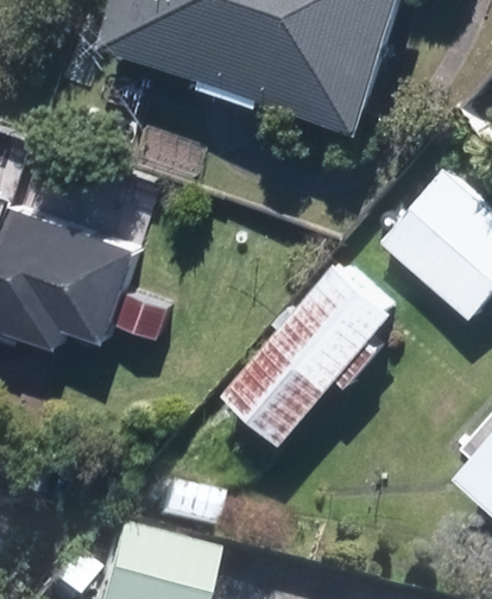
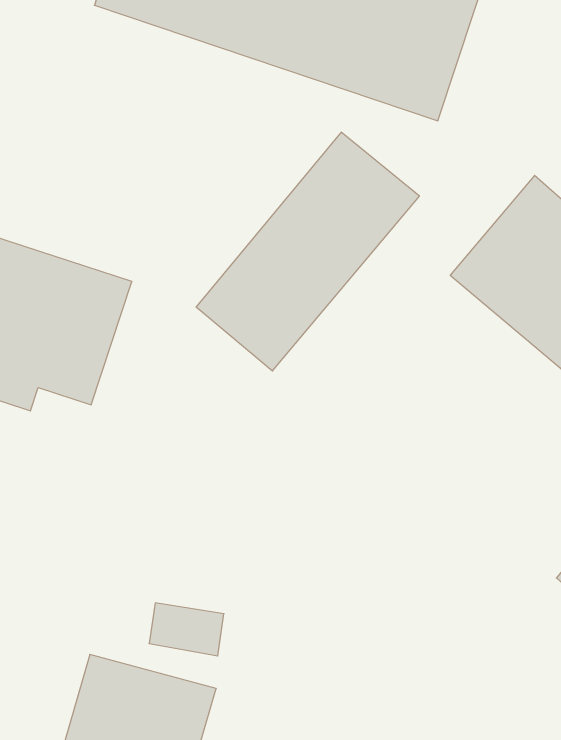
building: [226,259,396,441] -> [196,132,419,371]

